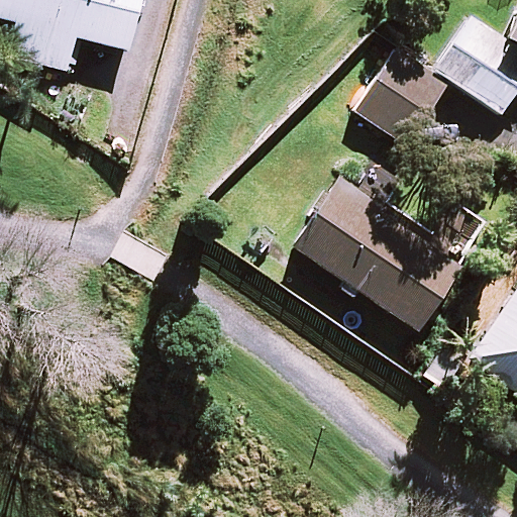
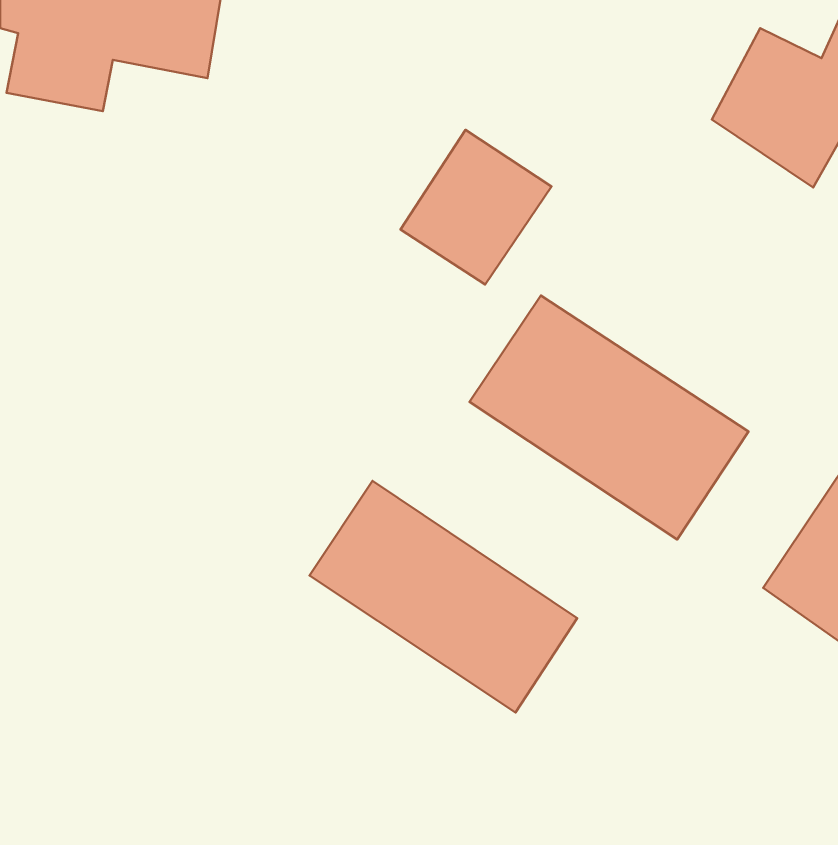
building: [356,50,448,144] -> [401,130,552,284]
building: none -> [310,481,577,712]

